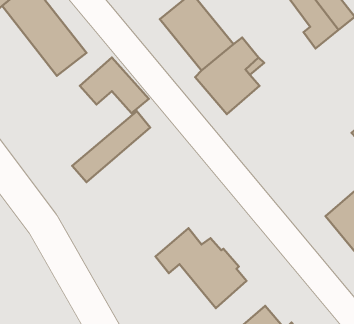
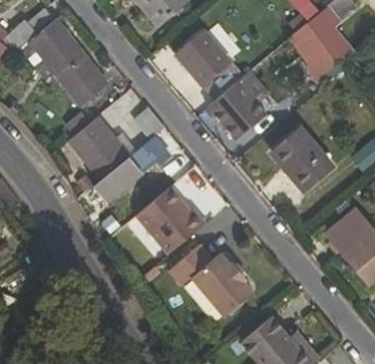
building: none -> [69,116,130,179]
building: none -> [271,127,333,192]
building: none -> [136,188,206,255]

